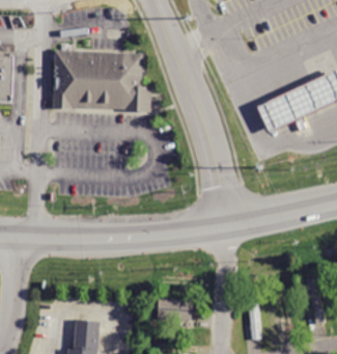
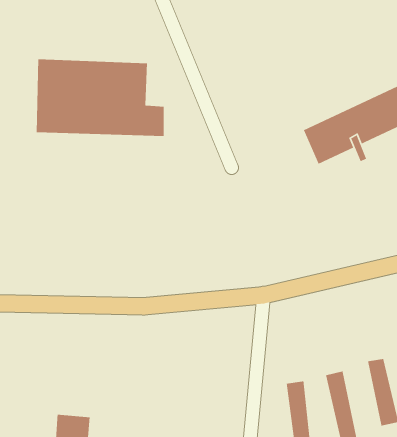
building: [156,299,191,321] -> none

